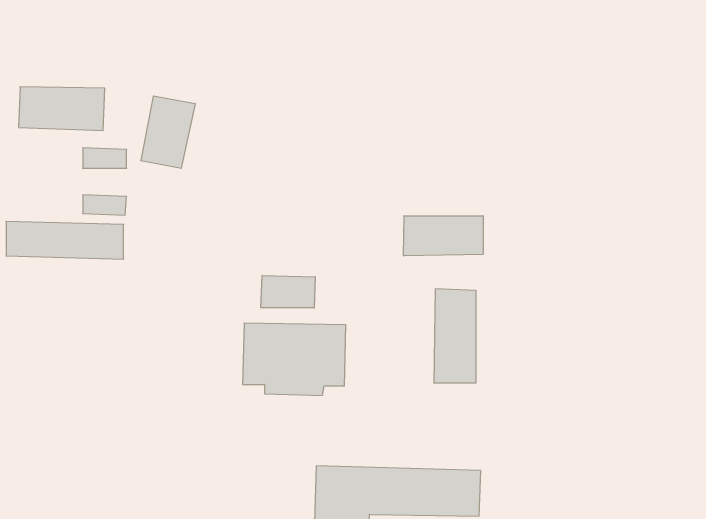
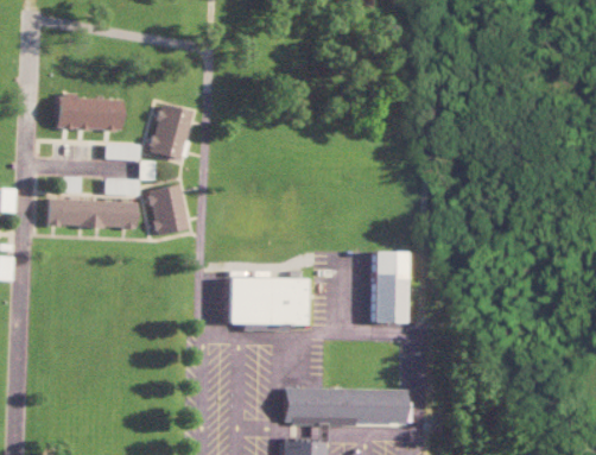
building: none -> [148,184,190,235]
building: [404,216,483,256] -> none
building: [261,275,315,308] -> none

